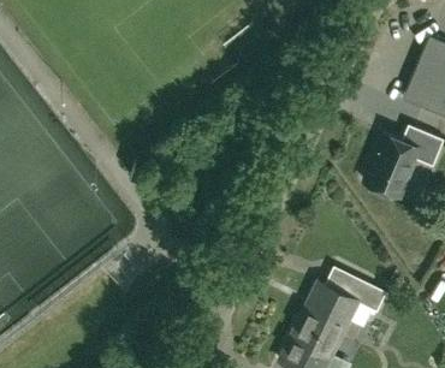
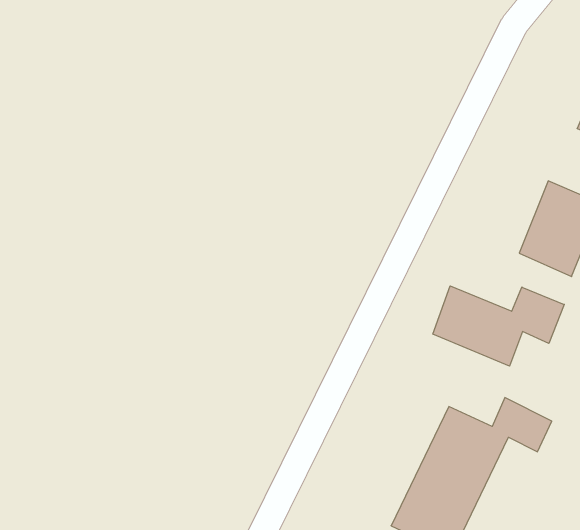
building: none -> [433,286,564,366]

